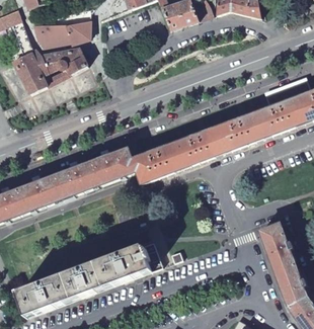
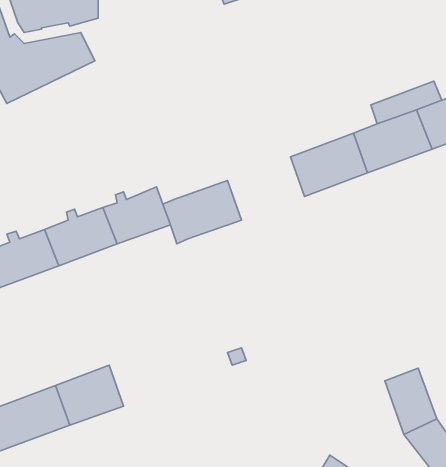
building: [172,129,222,169] -> none
building: [259,224,295,272] -> none
building: [96,242,164,289] -> none

